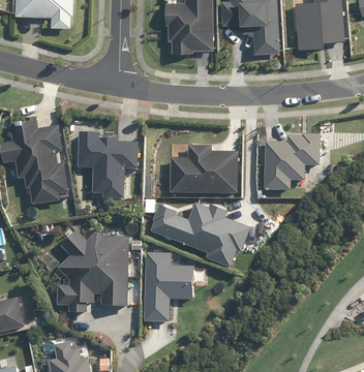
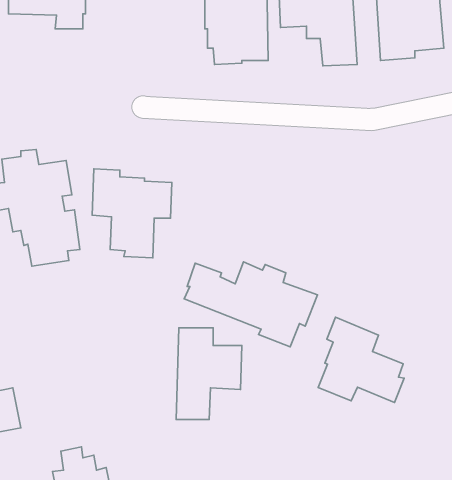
building: [266,134,318,187] -> none
building: [168,144,236,192] -> none
building: [58,229,129,312] -> none
building: none -> [318,317,404,403]

